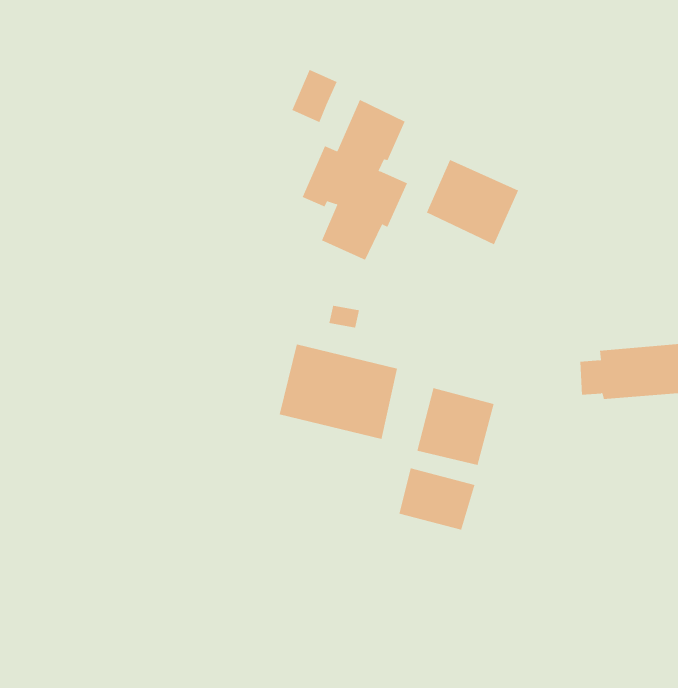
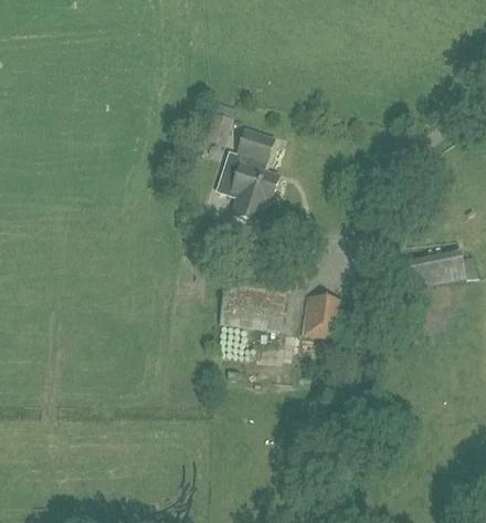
building: [426,159,519,245] -> none
building: [399,467,475,530] -> none

